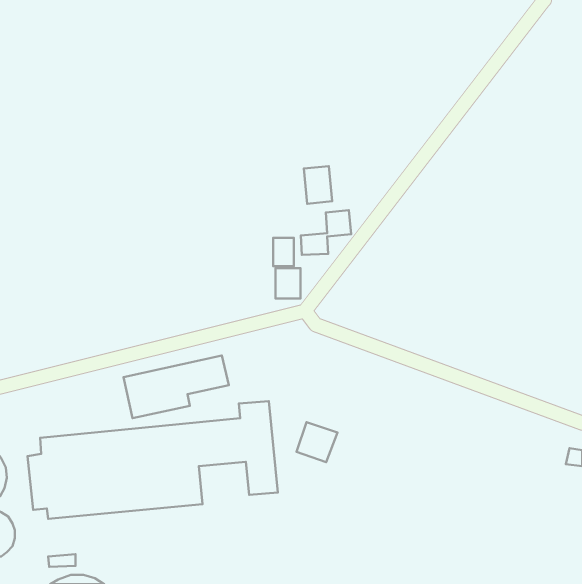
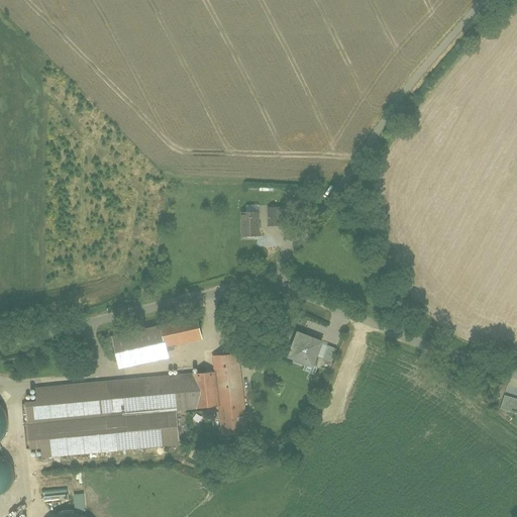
building: [304,166,332,204] -> none
building: [275,268,300,299] -> none
building: [296,422,338,462] -> [288,330,324,366]

